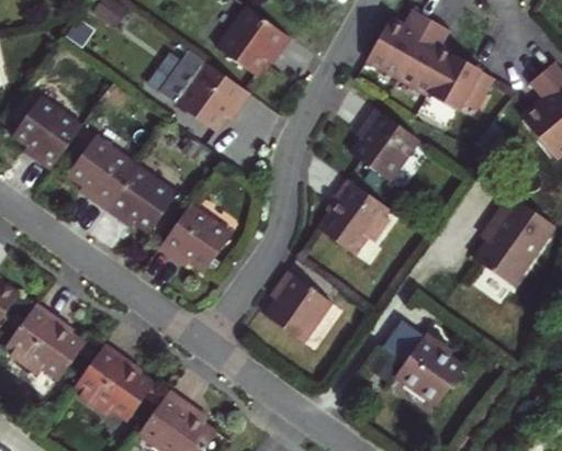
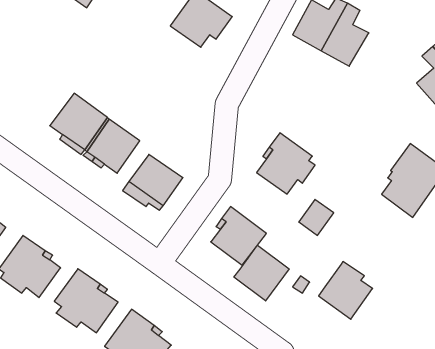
building: [161,54,250,135] -> none
building: [435,58,495,112] -> none
building: [14,92,83,166] -> none
building: [351,106,420,181] -> none
building: none -> [234,245,289,301]
building: [382,324,425,368] -> [299,199,334,235]

